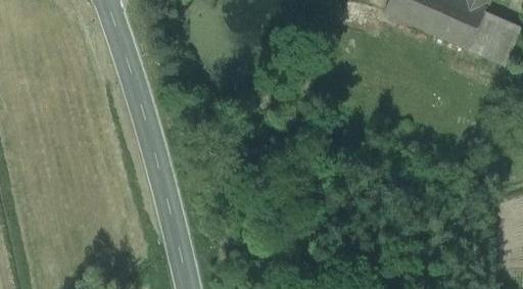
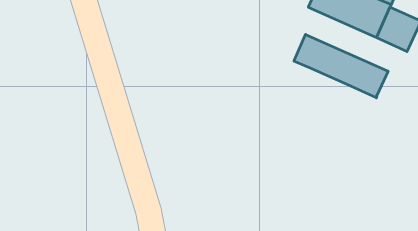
building: none -> [294,34,388,98]

